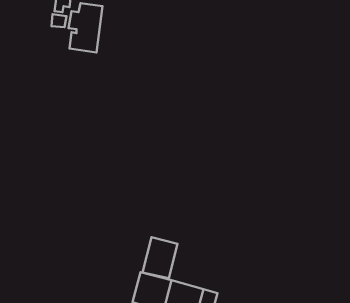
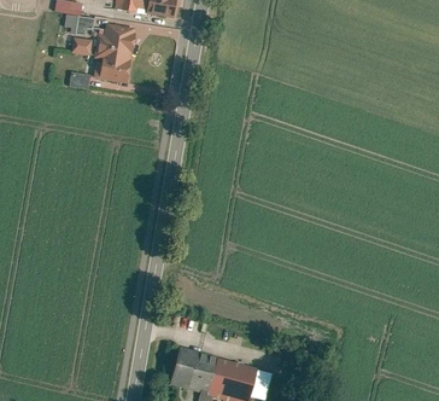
building: [142,237,177,278] -> none

